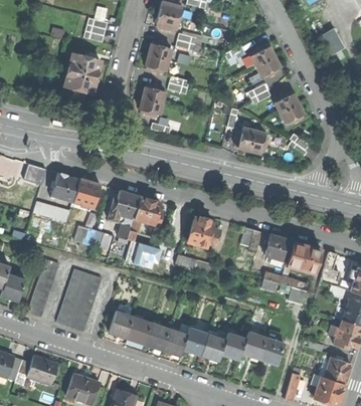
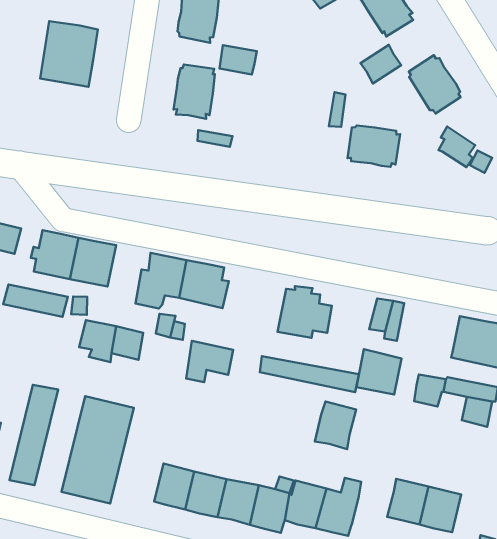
building: [264,234,292,261] -> [356,349,402,394]
building: [220,332,245,360] -> [315,402,356,449]

